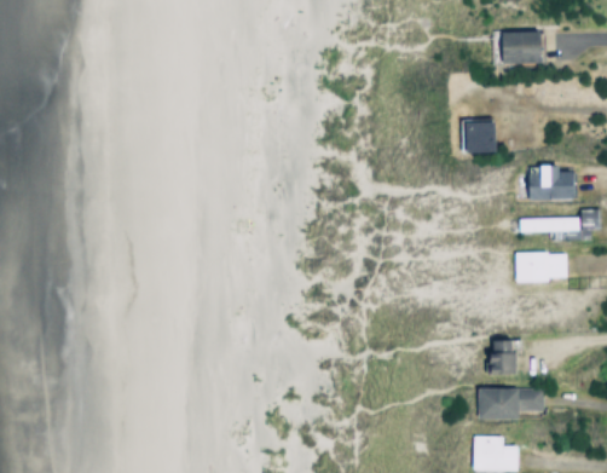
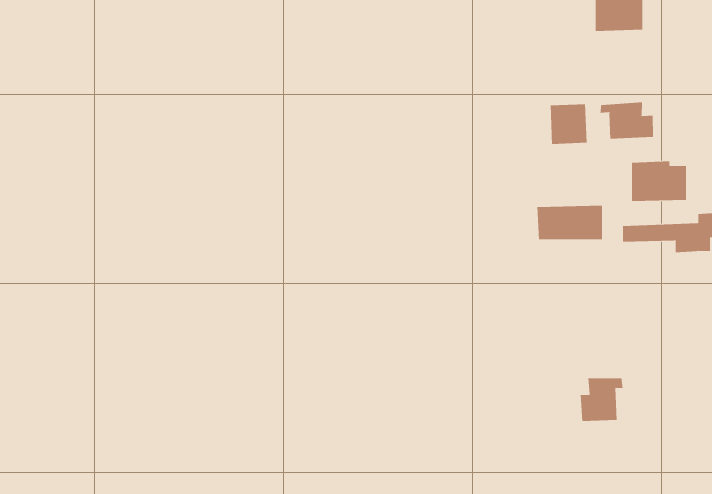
building: none -> [600,102,653,139]
building: [516,252,570,279] -> [537,205,603,240]
building: [479,388,545,420] -> none

